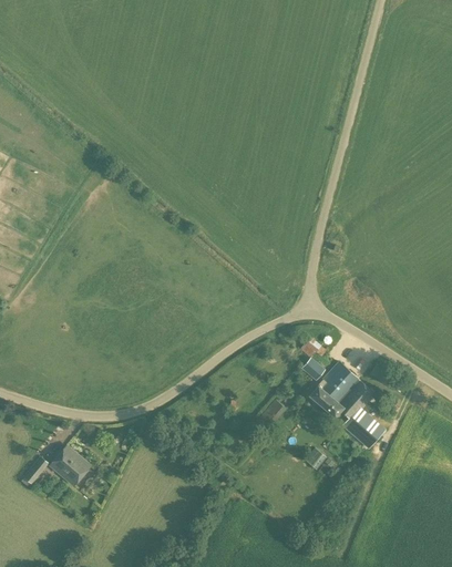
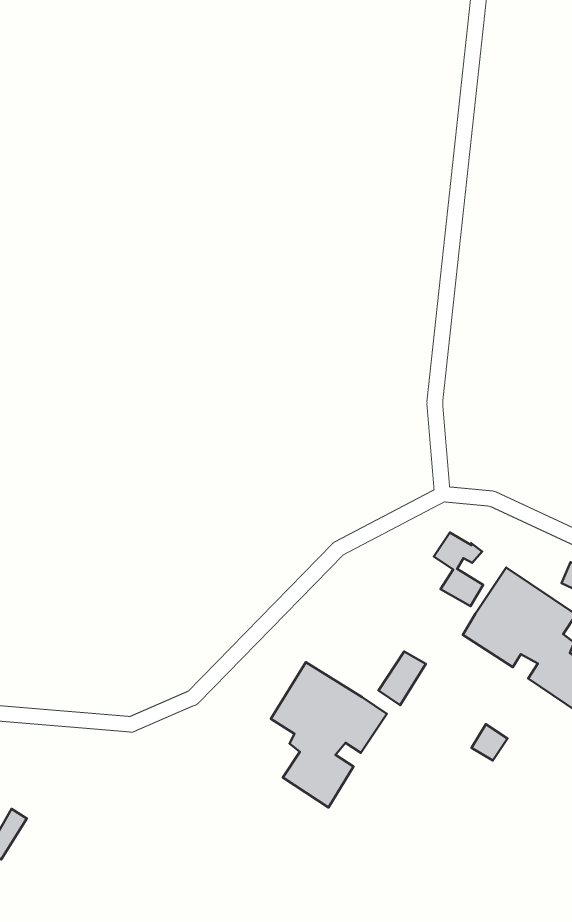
building: none -> [271,662,387,807]
building: [51,445,91,485] -> none

